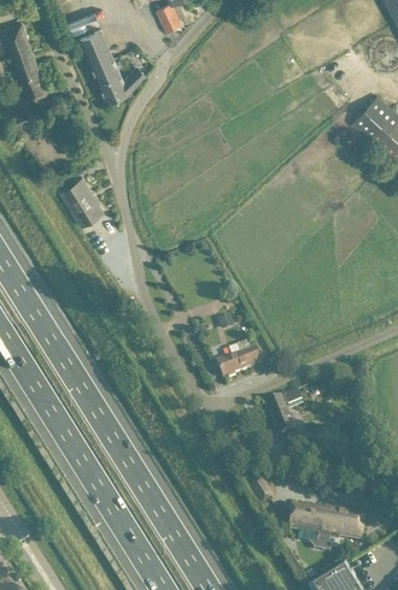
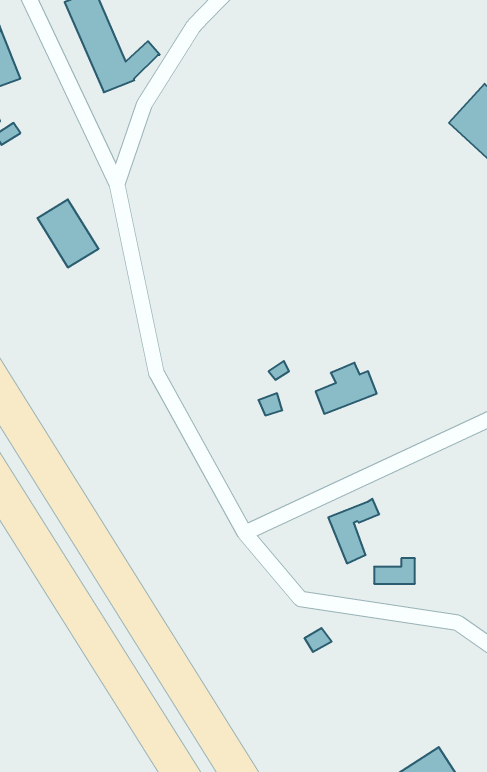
building: [216,341,259,377] -> [316,363,377,414]
building: [288,505,363,545] -> none

